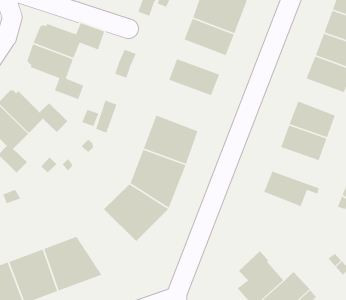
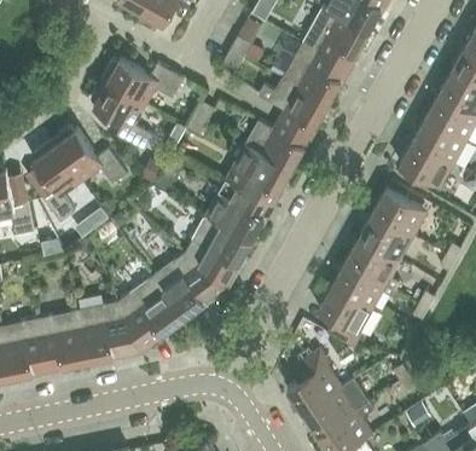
building: none -> [227,143,292,204]
building: none -> [347,237,402,289]
building: none -> [319,284,373,346]
building: none -> [118,276,184,349]

